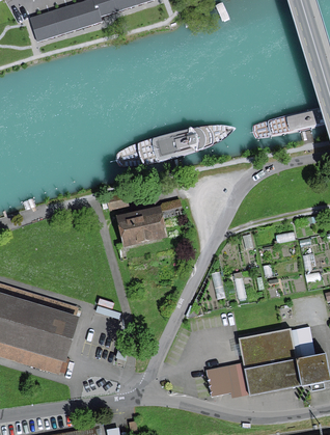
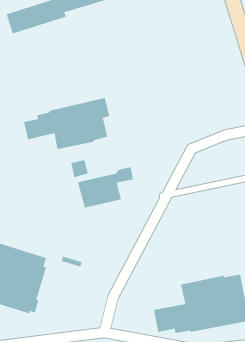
building: none -> [23,97,110,150]

